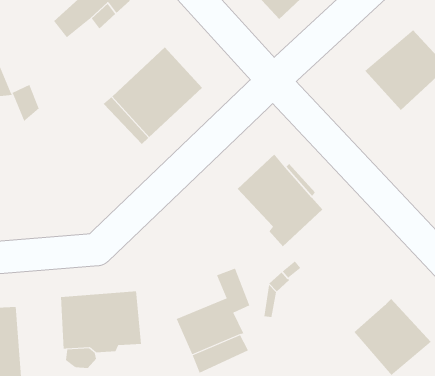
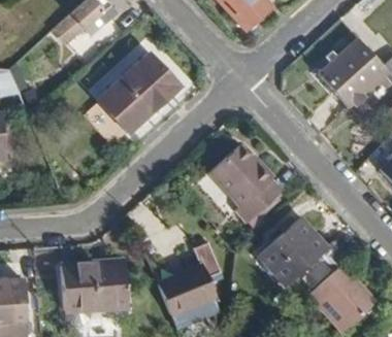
building: none -> [258,217,350,284]

